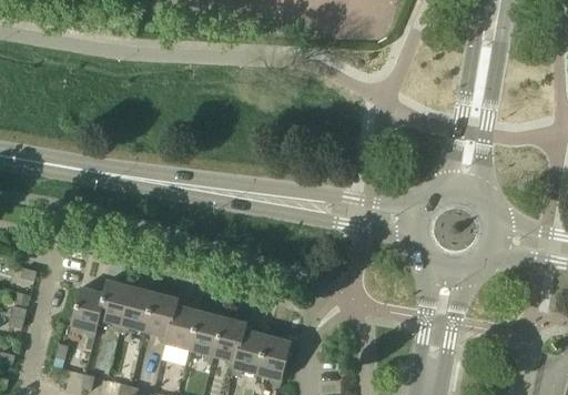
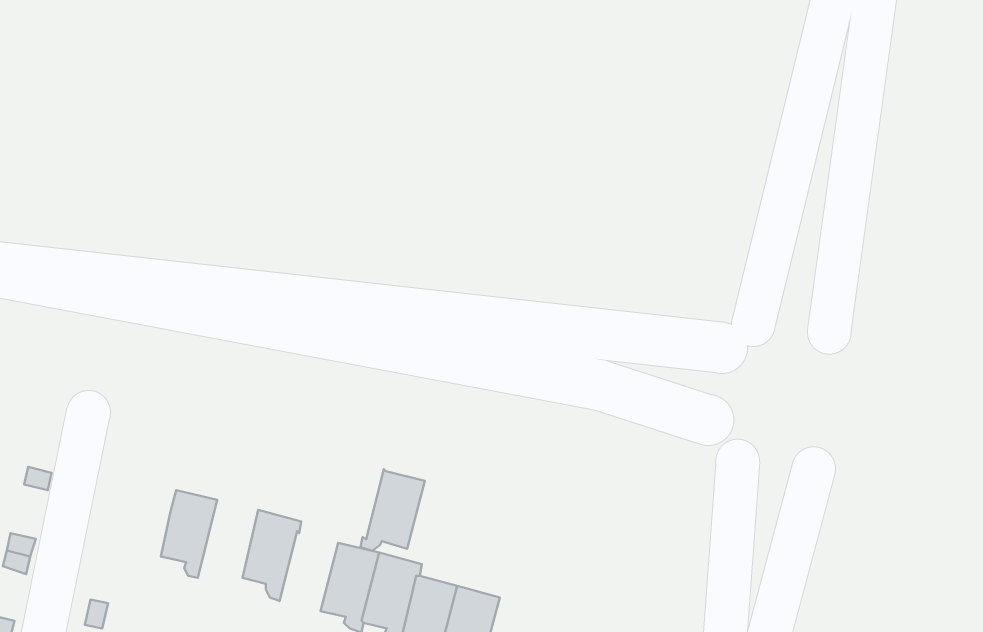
building: [70,286,103,338] -> none
building: [119,286,153,332] -> none
building: [162,304,199,351] -> [360,469,425,551]

